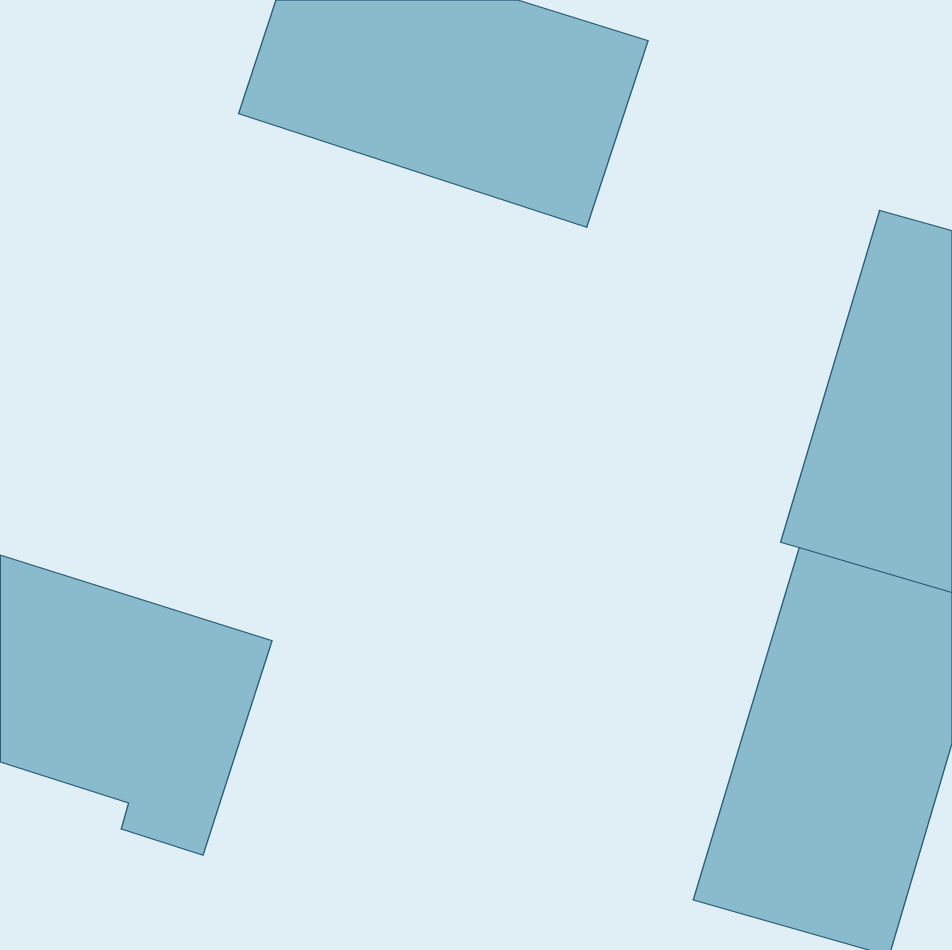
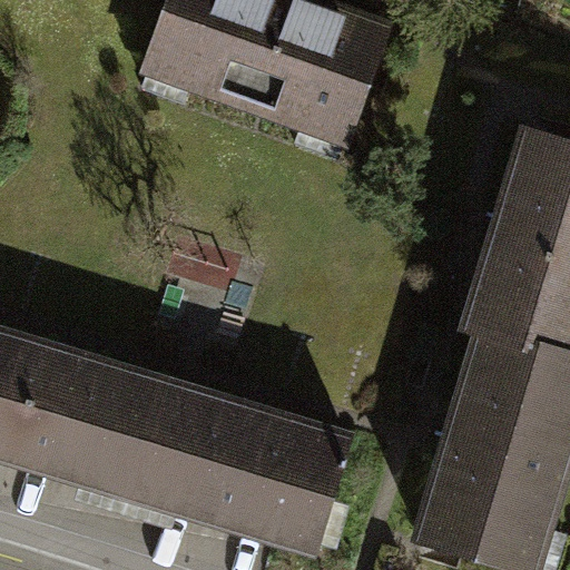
building: none -> [121,384,344,550]

